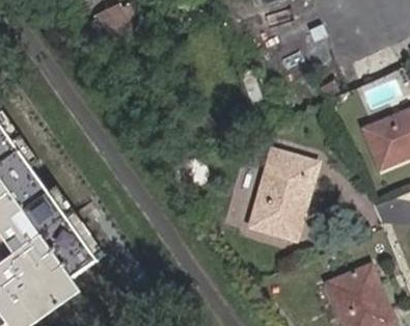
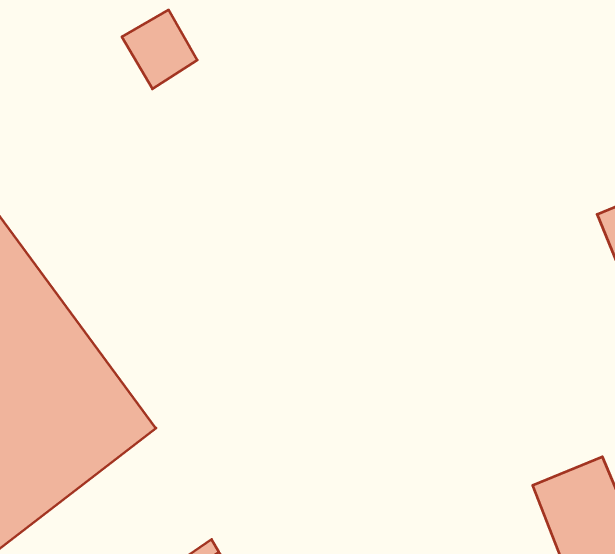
building: [248,154,324,245] -> none

